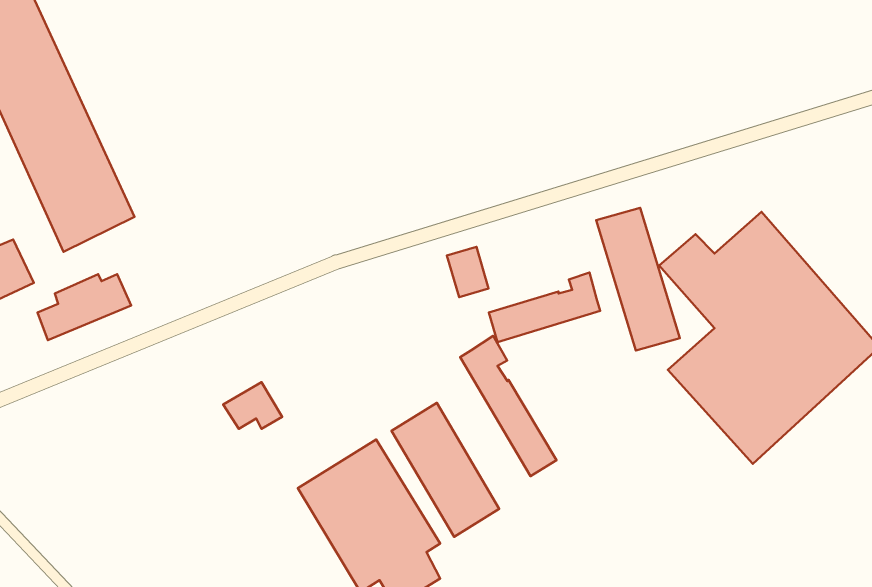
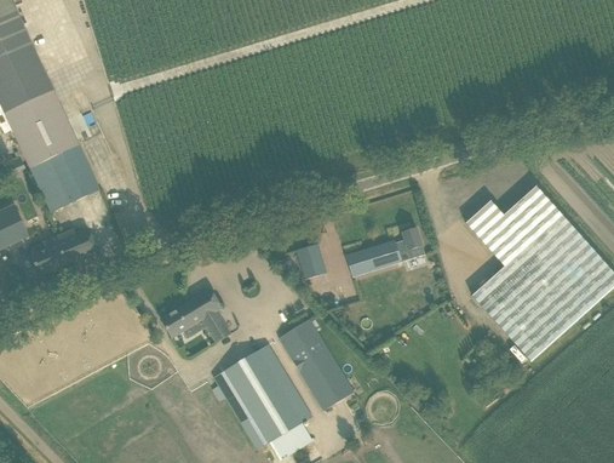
building: [596,208,680,350] -> none
building: [447,247,489,297] -> [297,242,326,278]
building: [460,336,556,476] -> none
building: none -> [188,287,229,341]

